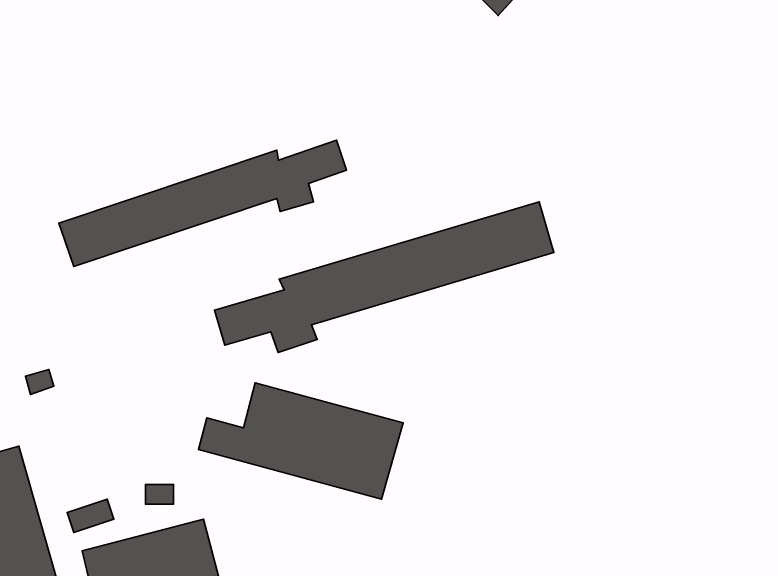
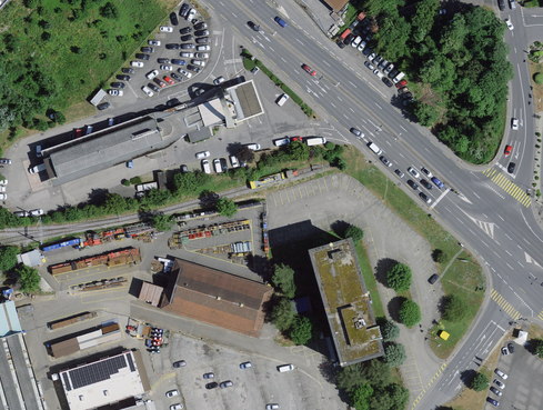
building: none -> [225,81,264,122]
building: [214,202,554,352] -> none
building: none -> [309,242,375,364]

